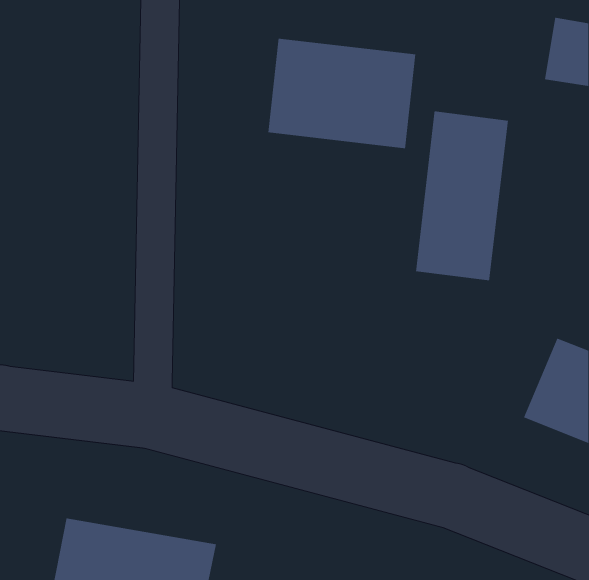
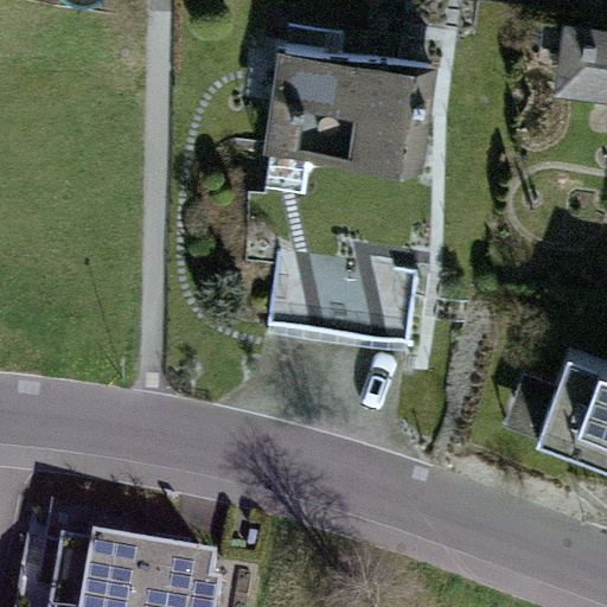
building: [415,111,508,281] -> none
building: none -> [277,262,372,333]

